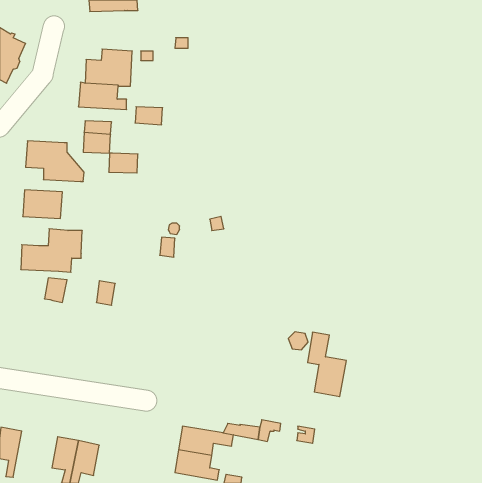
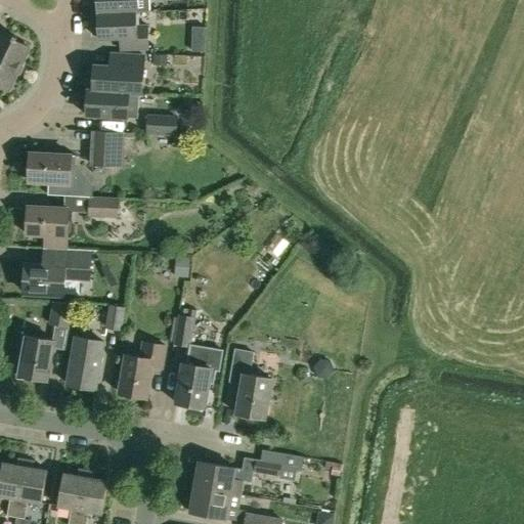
building: none -> [97,11,147,50]
building: [109,153,138,173] -> [86,196,118,218]
building: none -> [172,308,222,408]
building: none -> [18,336,52,381]
building: none -> [66,337,102,389]
building: none -> [119,344,164,397]
building: [308,332,346,397] -> [229,349,271,419]
building: none -> [14,467,46,519]

